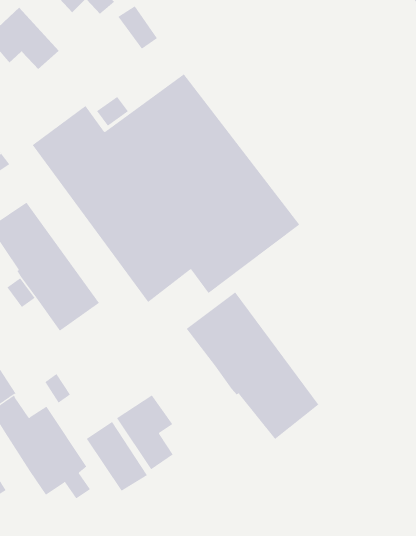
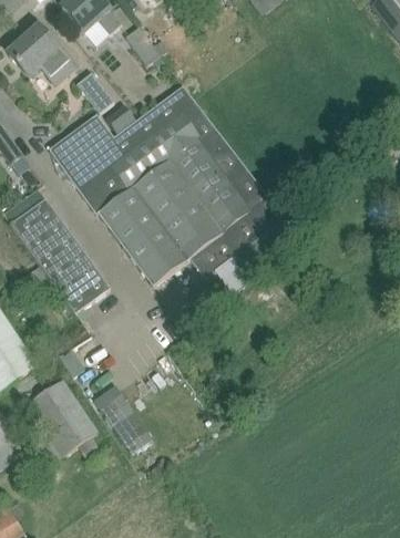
building: none -> [76,72,114,113]
building: [186,291,319,440] -> none
building: [116,394,174,470] -> none

